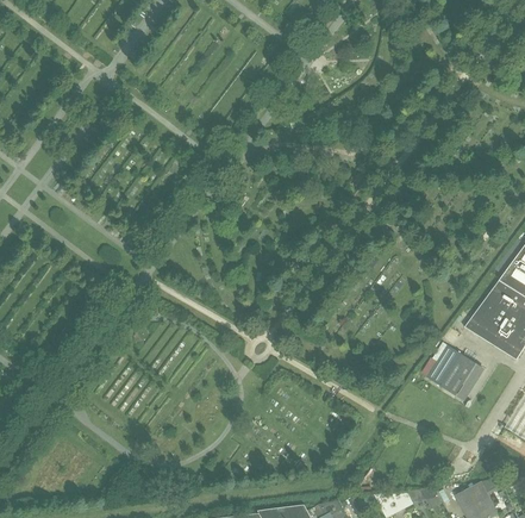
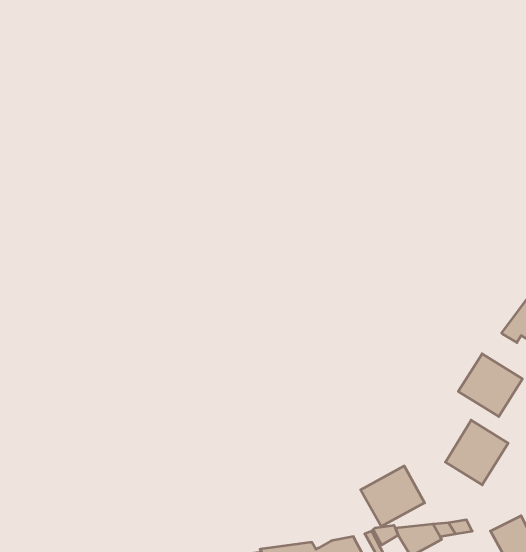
building: none -> [445,420,508,485]
building: none -> [361,466,425,527]

